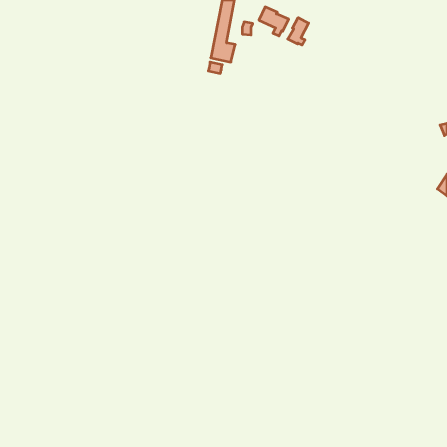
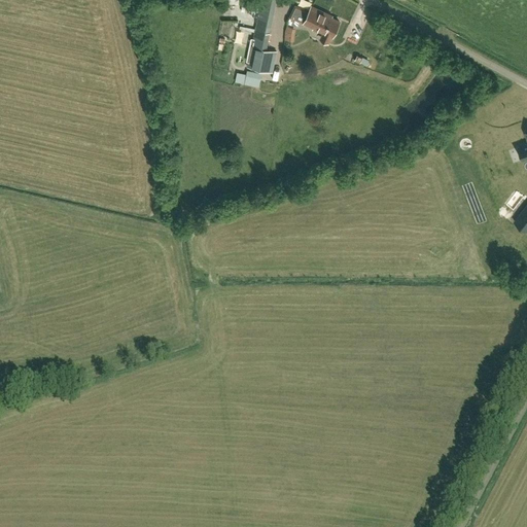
building: [288,18,309,45] -> none

